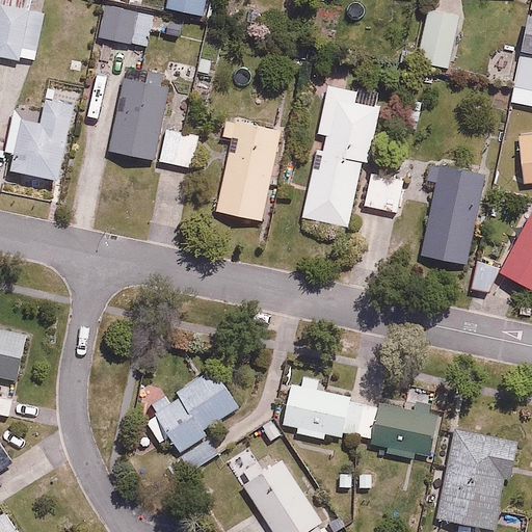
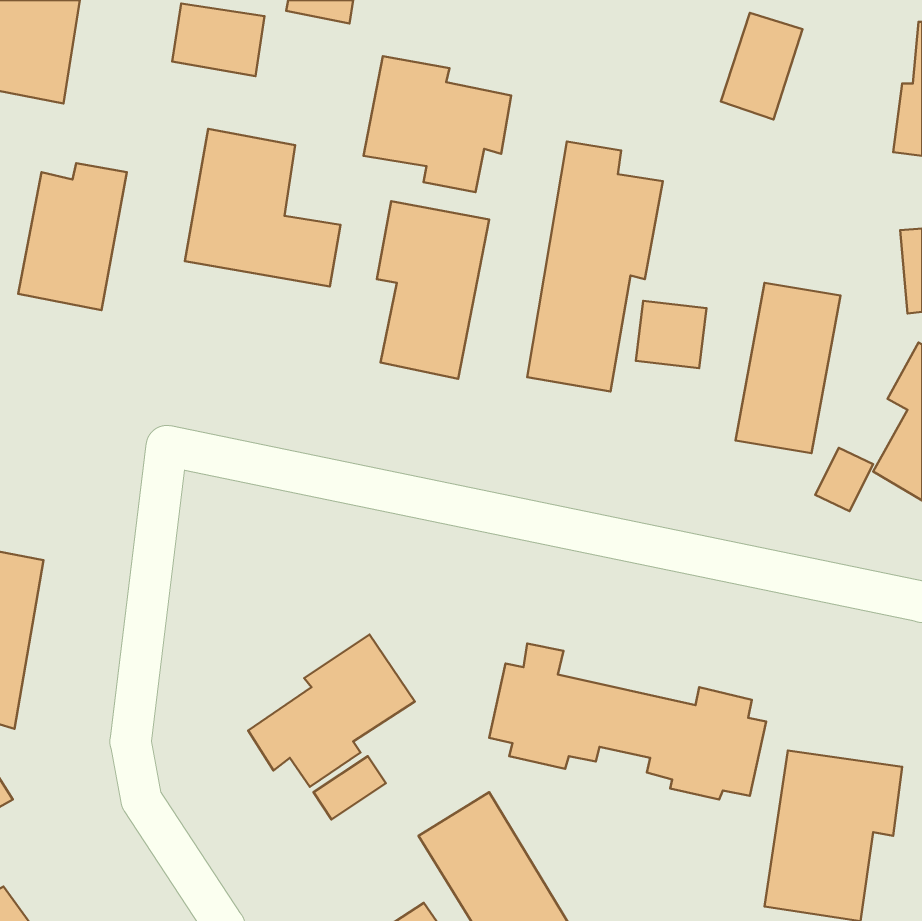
building: none -> [364,56,511,192]

